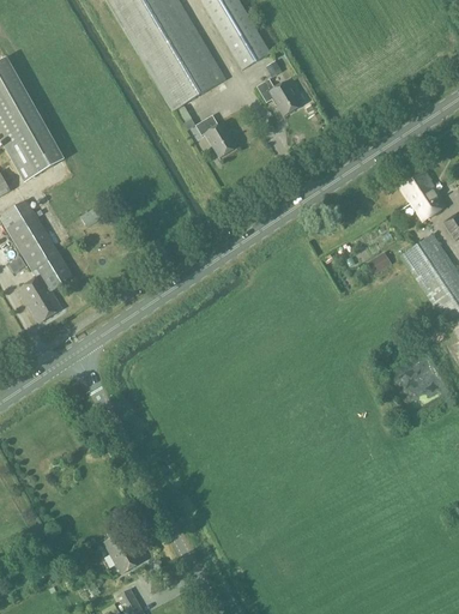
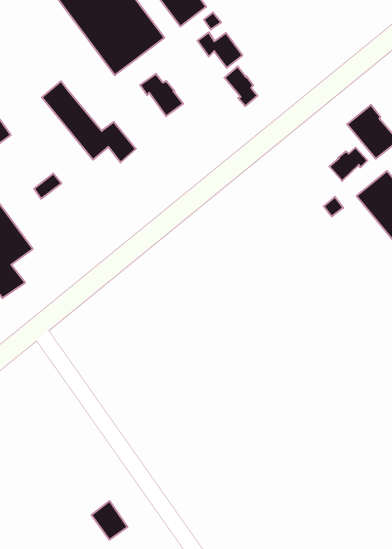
building: none -> [42,81,136,163]
building: none -> [224,66,257,106]
building: none -> [329,148,367,181]

